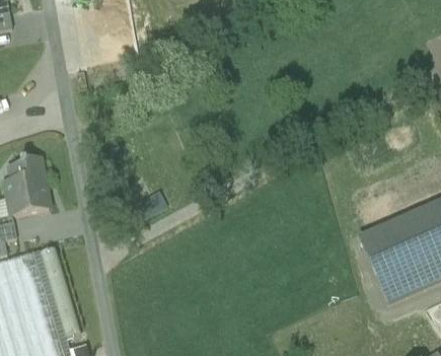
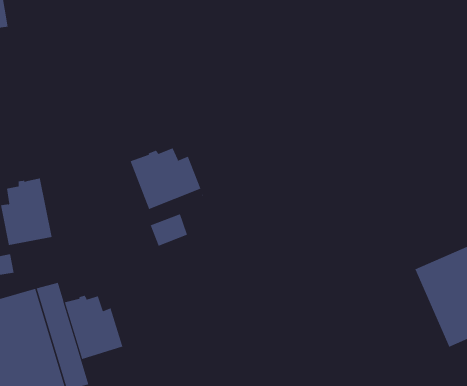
building: none -> [130,148,204,210]
building: none -> [64,295,125,360]

